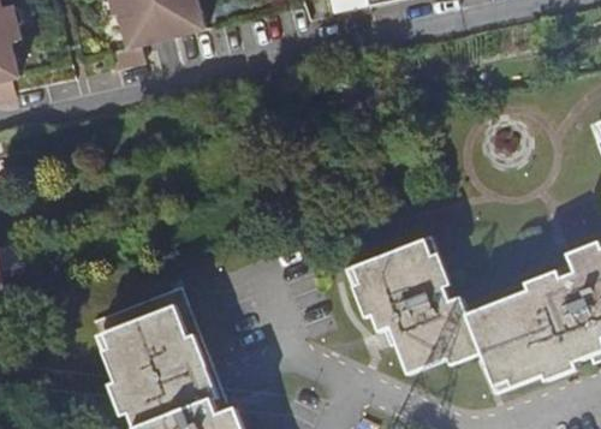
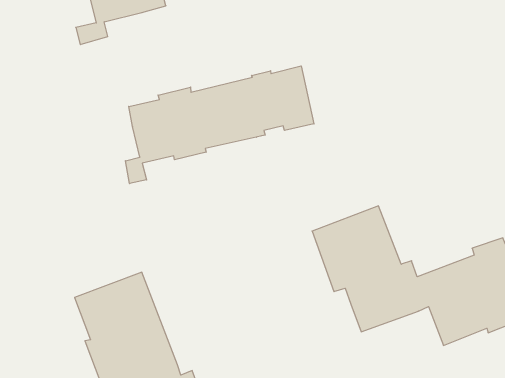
building: none -> [125,66,314,184]

